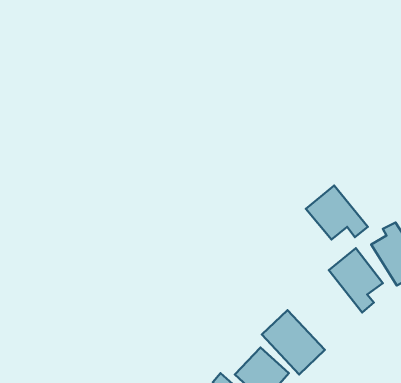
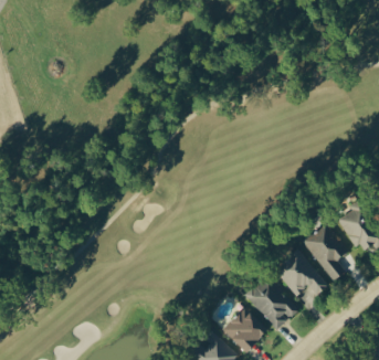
building: [306,186,368,240] -> [273,253,326,299]

